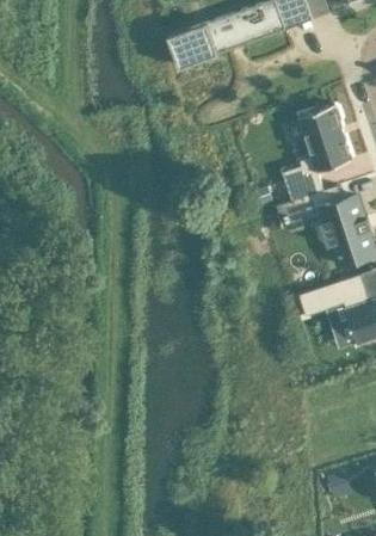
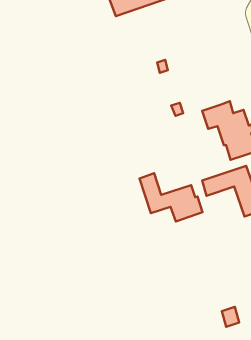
building: [279,105,351,205] -> none
building: none -> [139,173,203,221]

